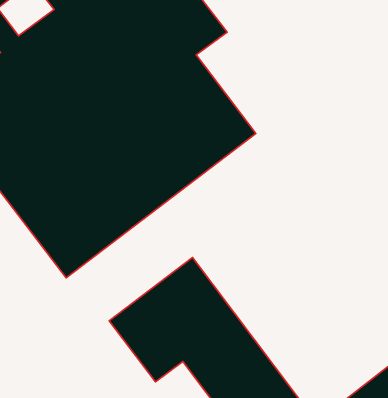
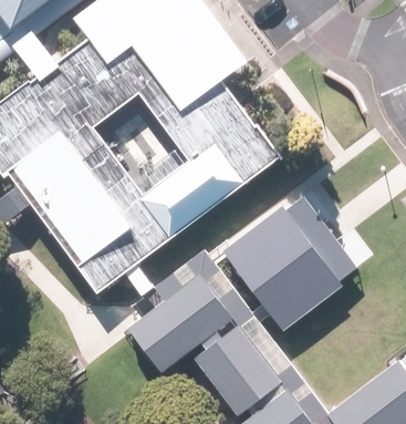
building: none -> [219,195,353,330]

